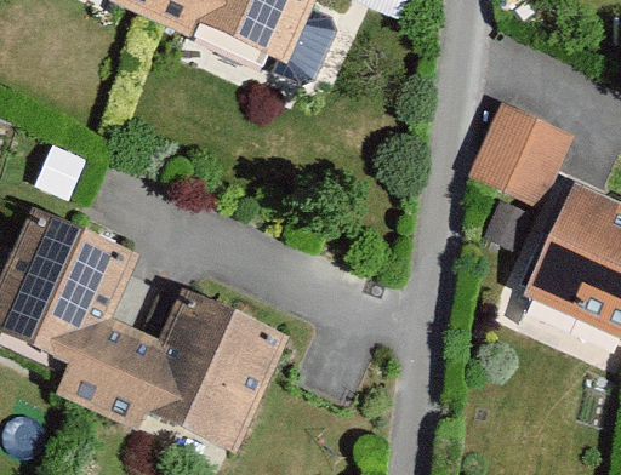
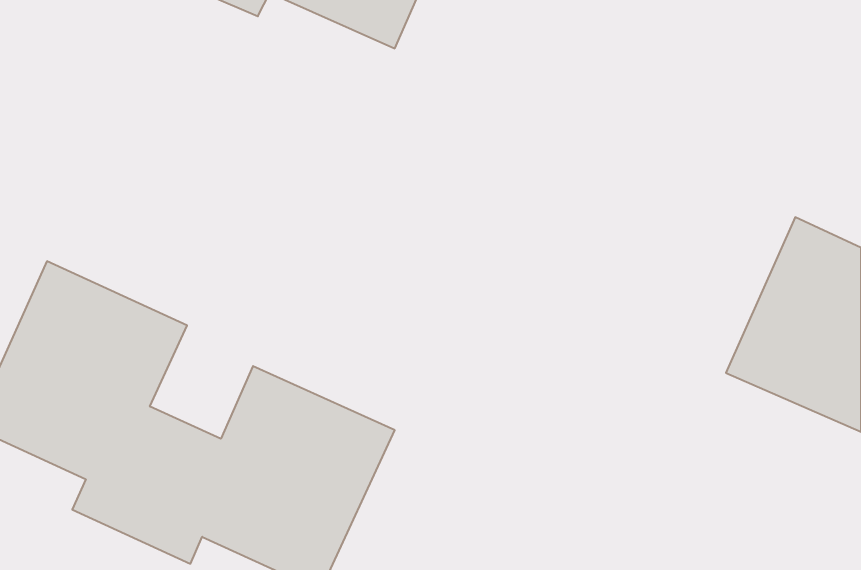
building: [465,102,574,207] -> none

